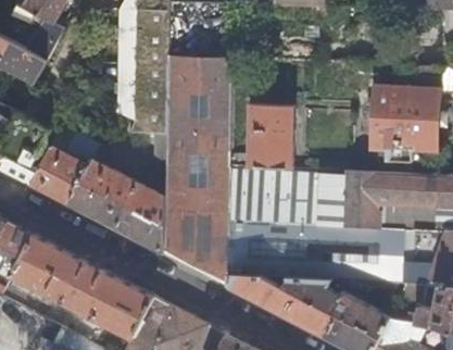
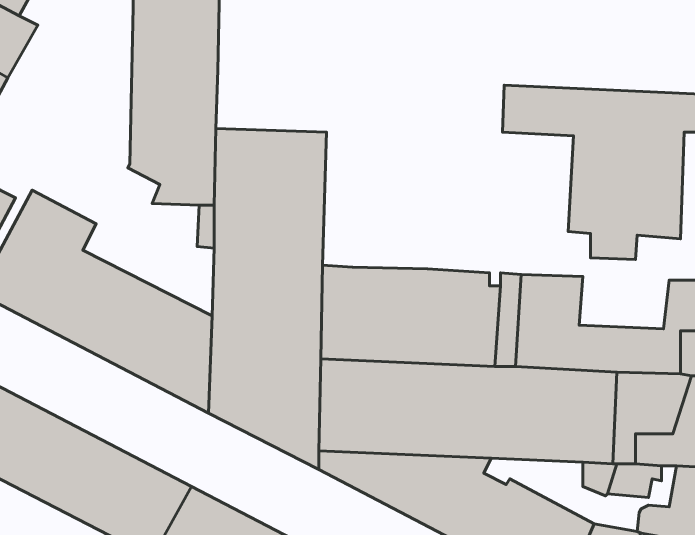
building: [167,55,231,91] -> none
building: [247,104,294,171] -> none
building: [378,175,430,205] -> none

